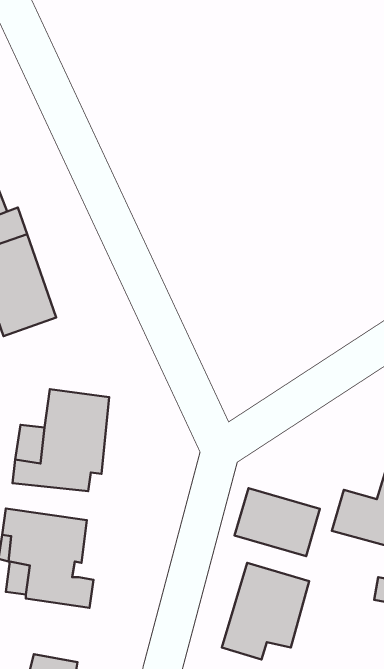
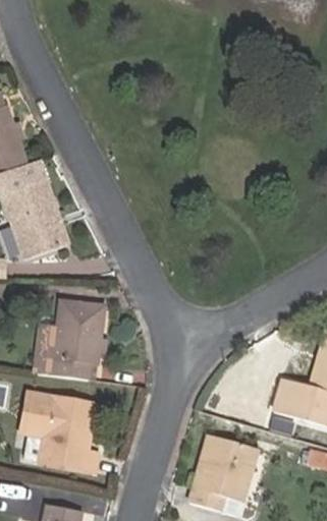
building: [235,488,320,556] -> none

